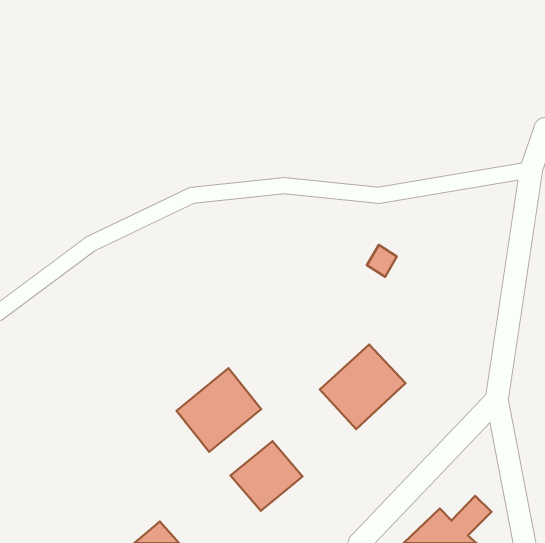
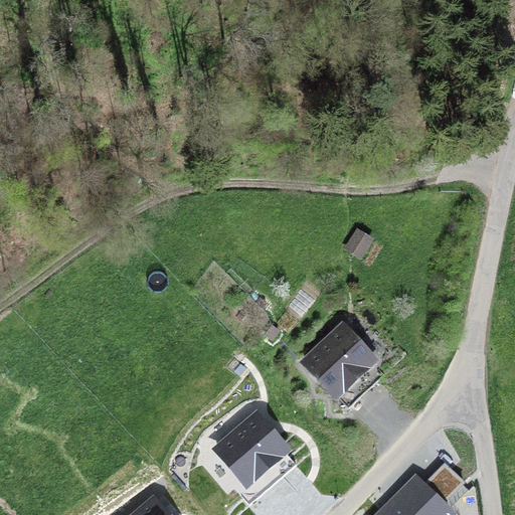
building: [177,368,261,452] -> none

